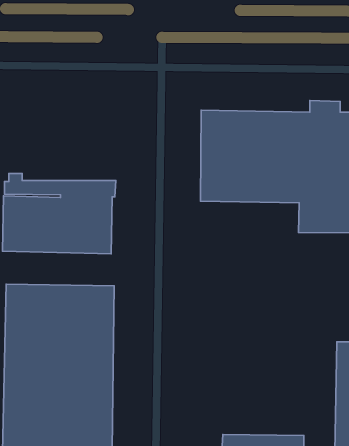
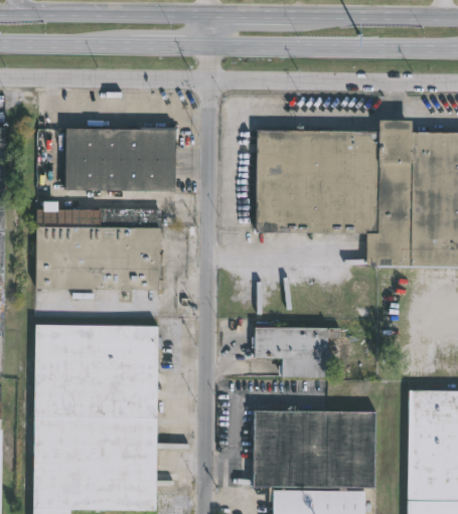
building: none -> [63,127,175,190]
building: none -> [250,327,342,377]
building: none -> [260,413,384,490]

